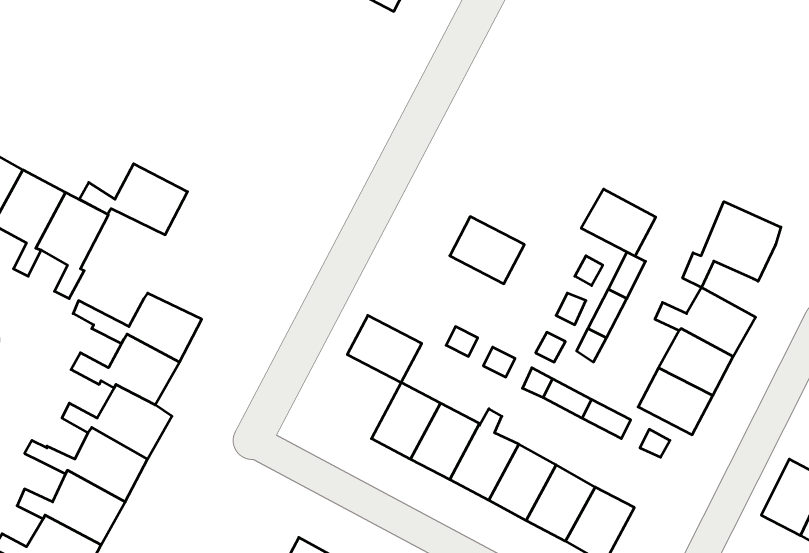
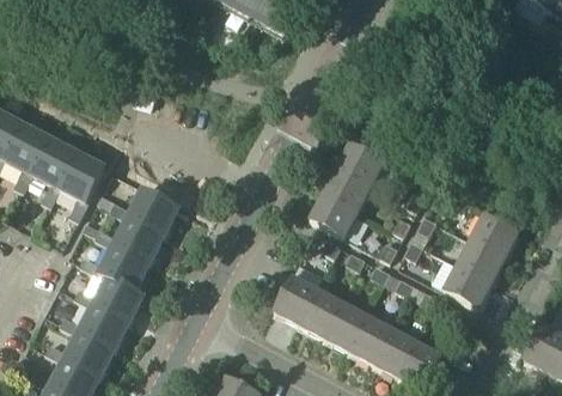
building: [79,164,188,235] -> [109,187,178,232]
building: [581,189,656,256] -> [336,141,384,184]
building: [683,202,781,287] -> none
building: [347,315,422,383] -> [310,191,358,234]

